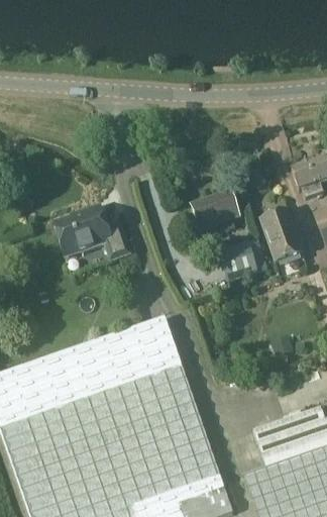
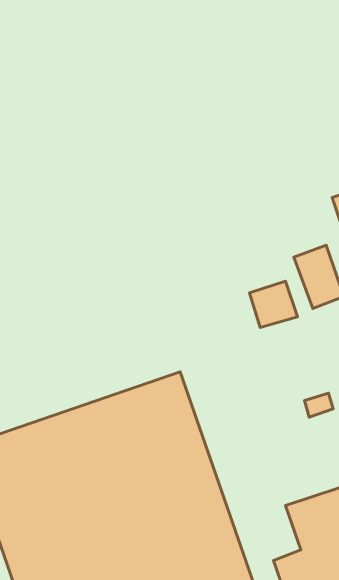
building: [192,191,239,231] -> none
building: [53,206,130,263] -> none

